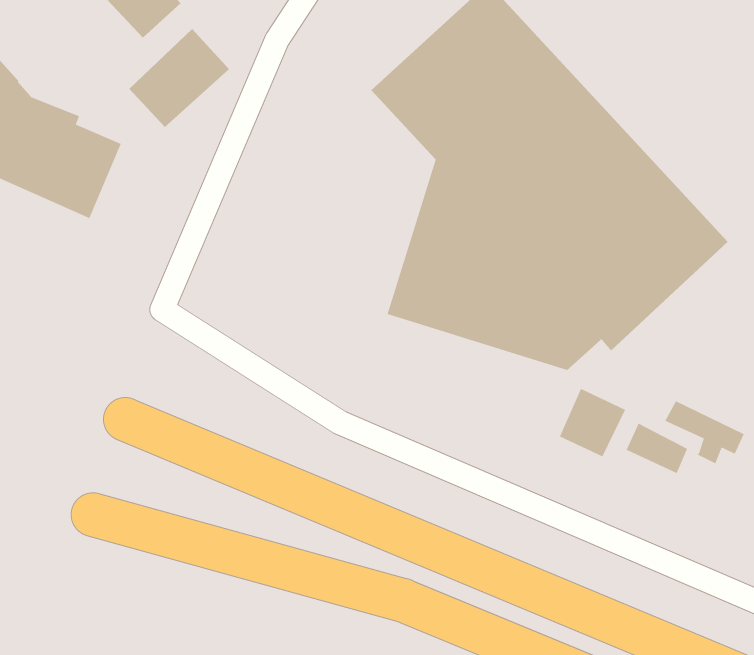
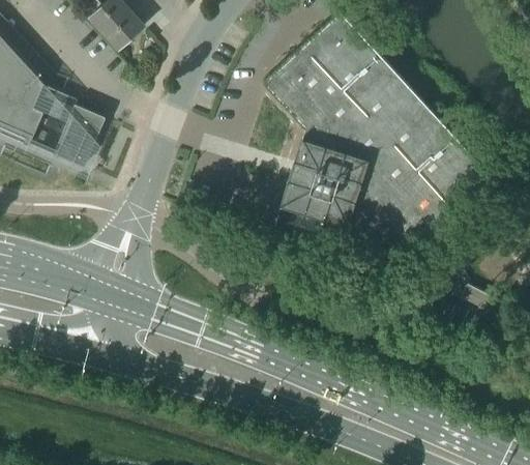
building: [129,28,230,128] -> none
building: [559,388,626,458] -> none

